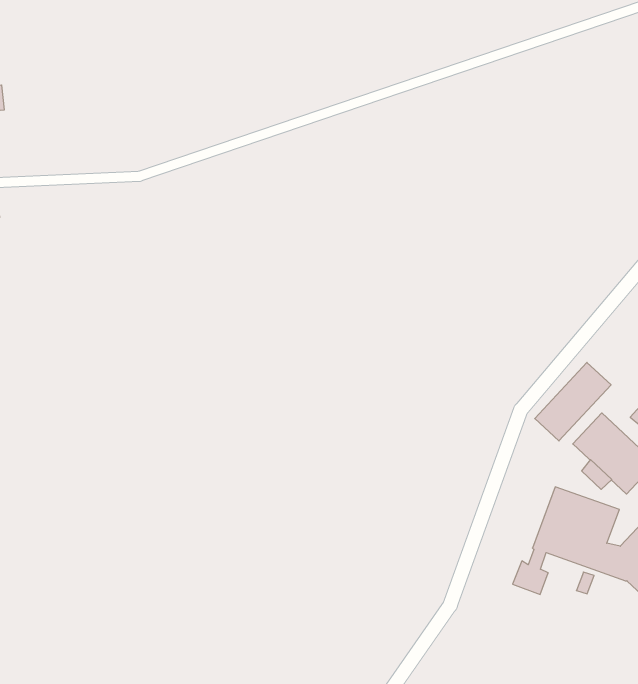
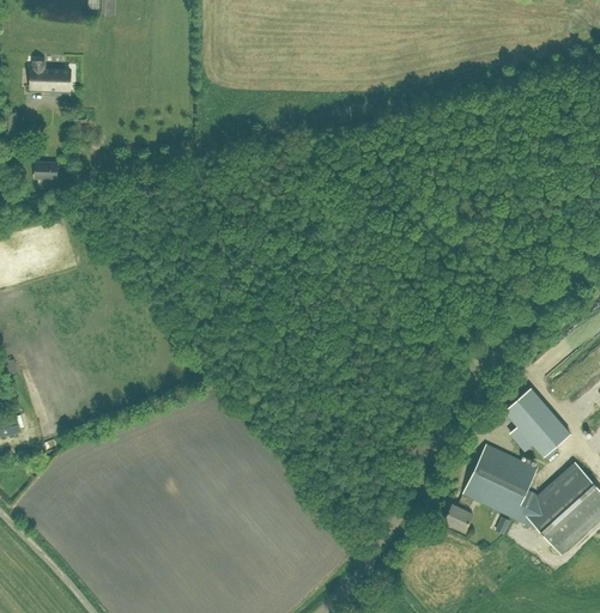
building: [535,362,611,441] -> none

